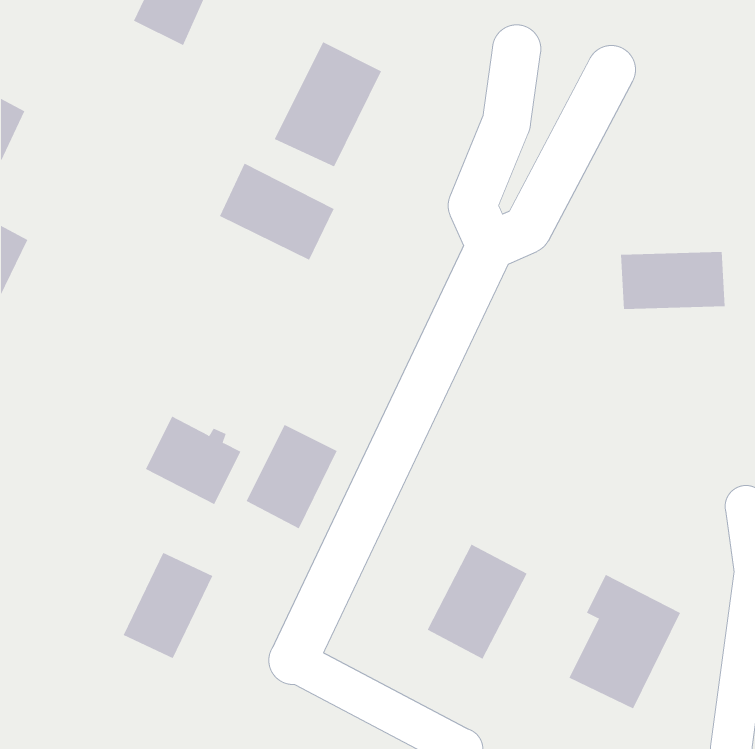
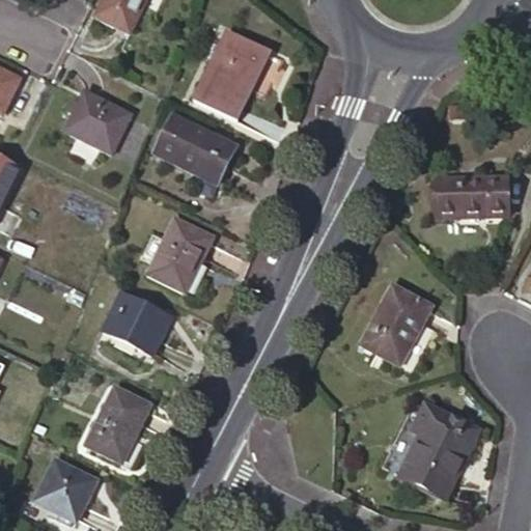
building: none -> [64,91,131,152]
building: [246,424,338,529] -> [148,218,213,291]
building: [427,544,527,659] -> [361,284,431,365]
building: none -> [35,458,96,521]

